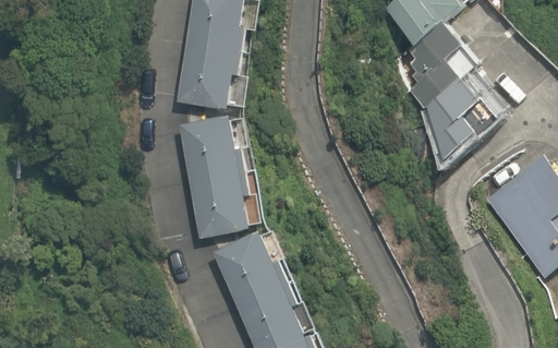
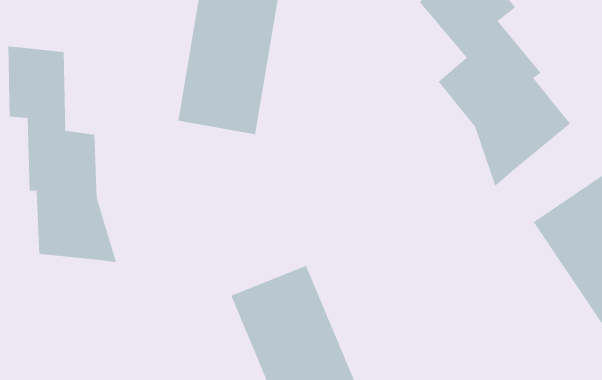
building: none -> [8,45,117,263]
building: [173,119,259,240] -> none

